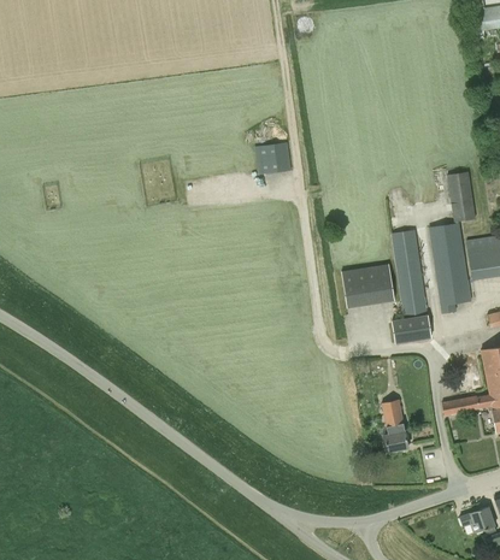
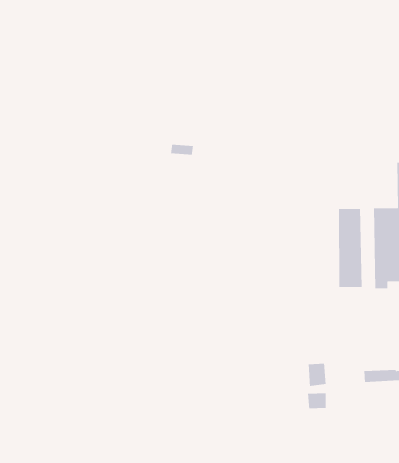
building: [255,141,292,173] -> none
building: [340,263,394,306] -> none
building: [393,313,431,343] -> none

